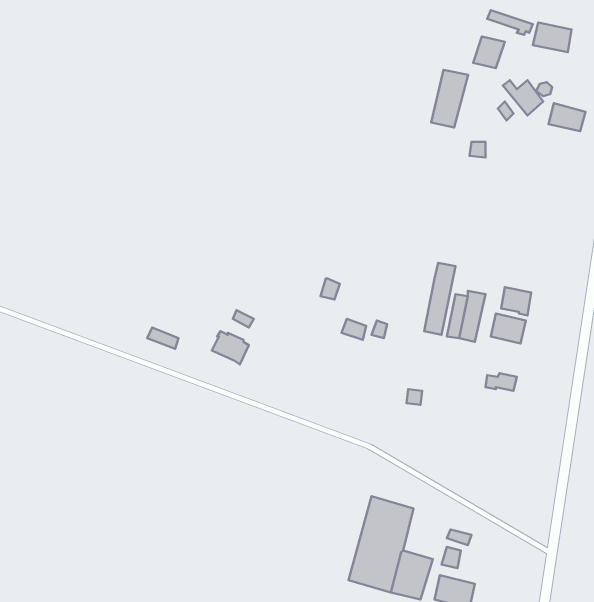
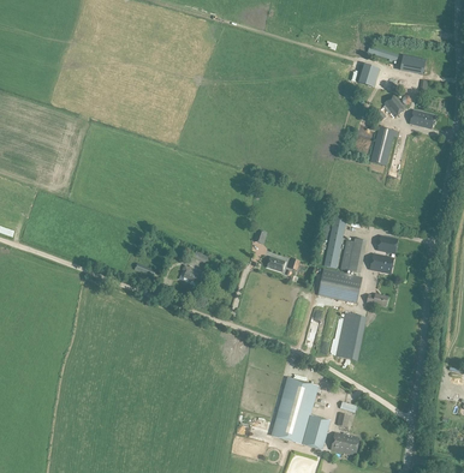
building: [431,70,468,128] -> [369,125,394,164]
building: none -> [317,268,361,301]
building: none -> [335,312,364,359]

